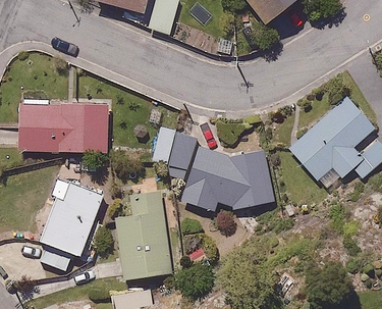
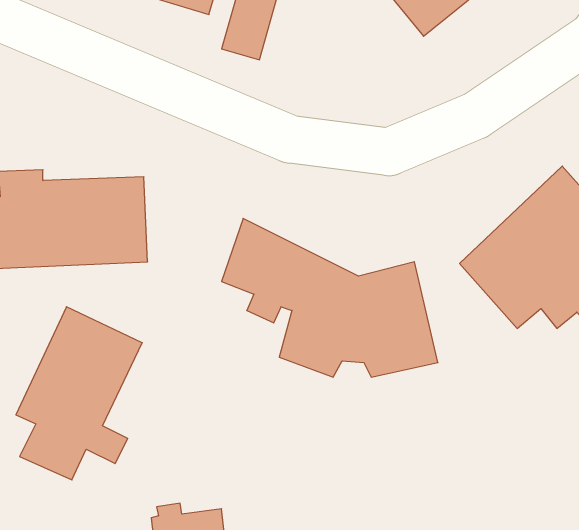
building: [117,193,170,277] -> none

